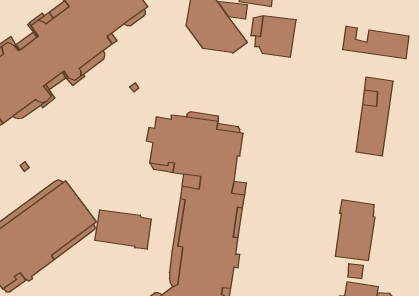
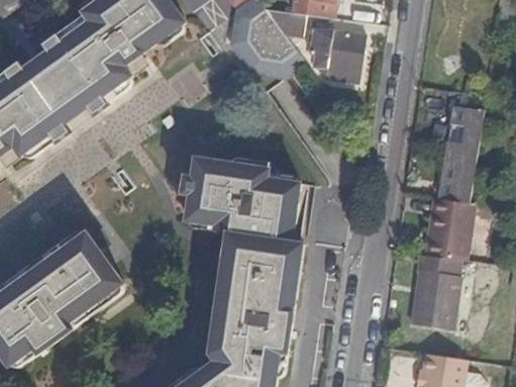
building: [343,26,409,59] -> none
building: none -> [425,197,475,263]
building: [95,210,151,249] -> none

